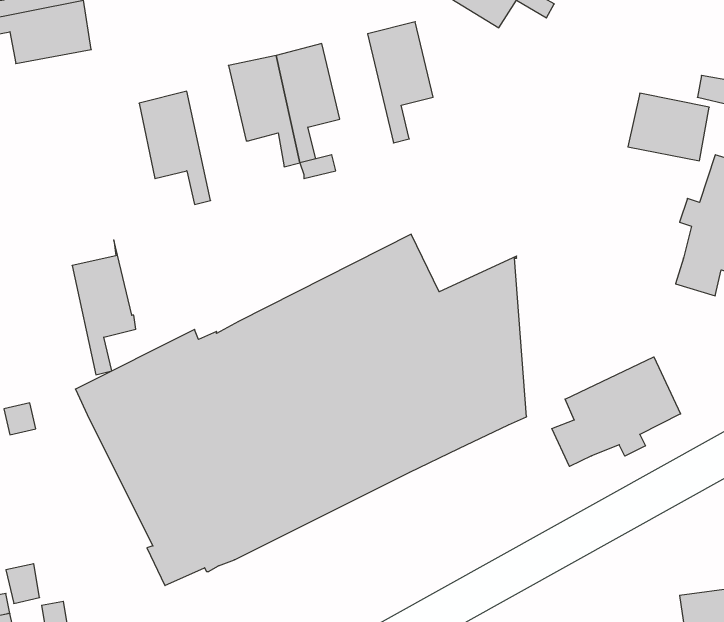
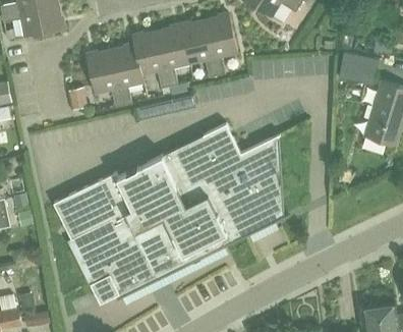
building: none -> [180,20,217,77]
building: [72,240,136,375] -> [111,37,143,106]
building: [552,357,681,466] -> none

